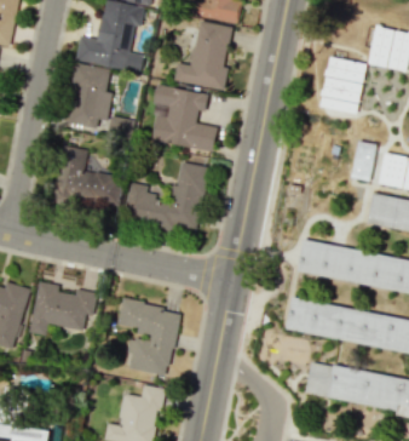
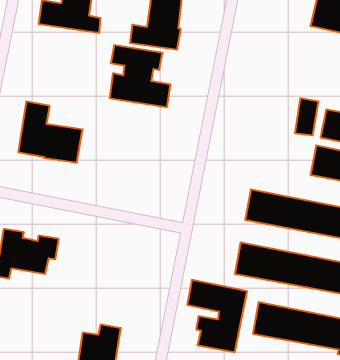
building: [319,57,364,111] -> none
building: [64,64,111,130] -> none
building: [123,161,208,231] -> none
building: [116,298,180,376] -> [187,280,247,352]

